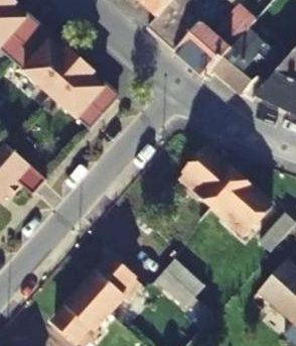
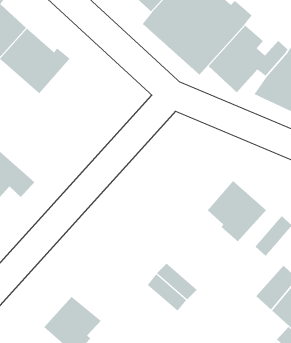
building: [48,60,115,129] -> none
building: [177,149,237,207] -> none
building: [80,258,140,315] -> none

